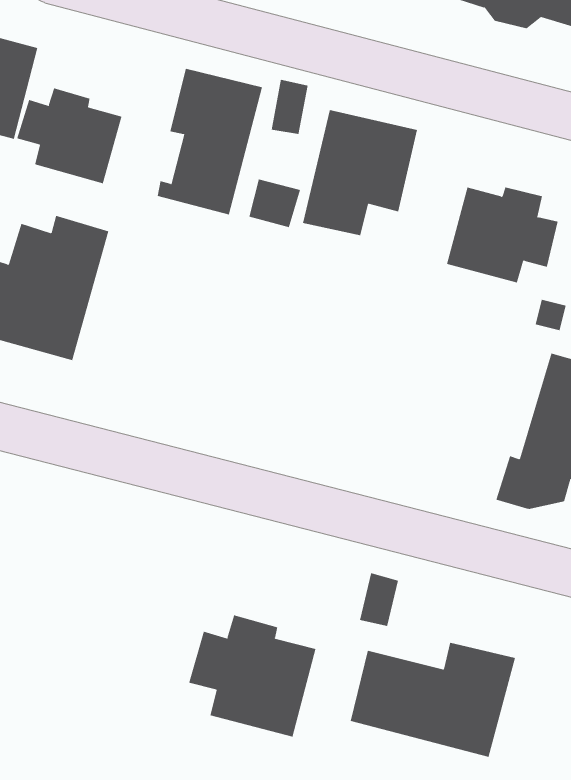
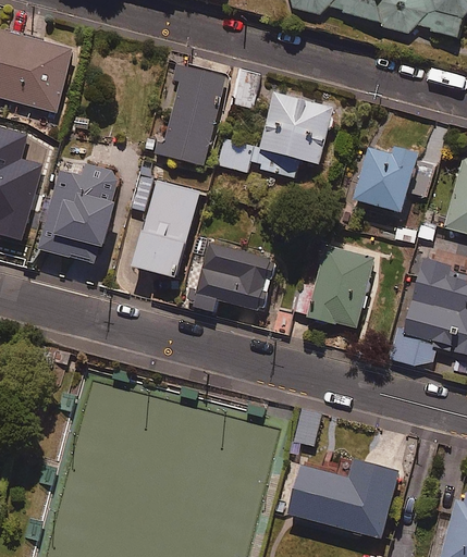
building: [16,87,122,184] -> none
building: none -> [131,175,200,275]
building: none -> [185,243,278,312]
building: none -> [306,243,376,330]
building: [188,615,316,738] -> none

